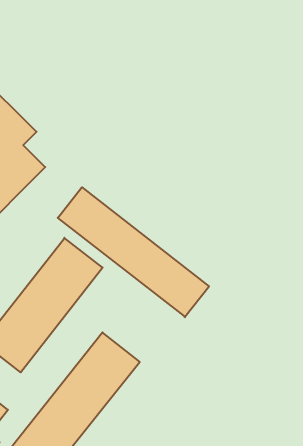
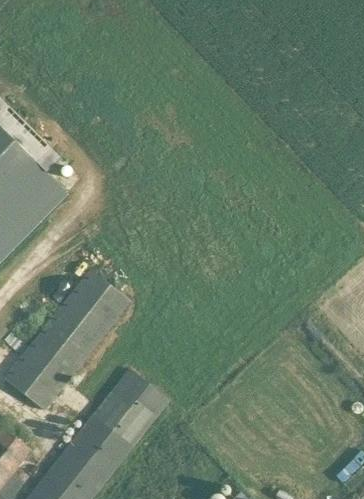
building: [58,187,209,317] -> none

